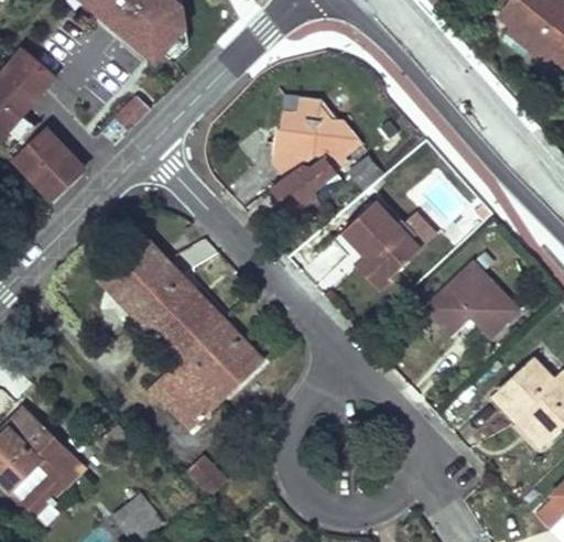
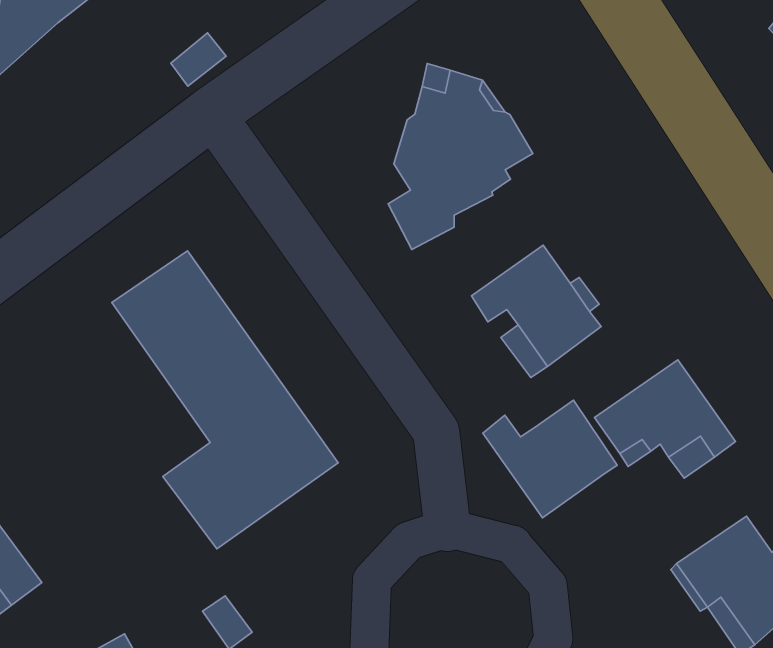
building: [19,128,86,195] -> none
building: none -> [483,400,617,518]

